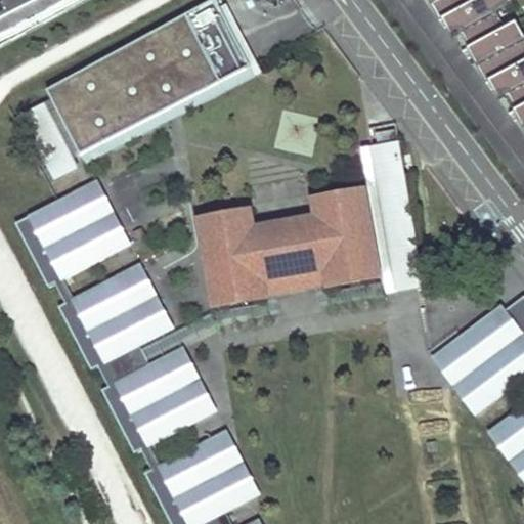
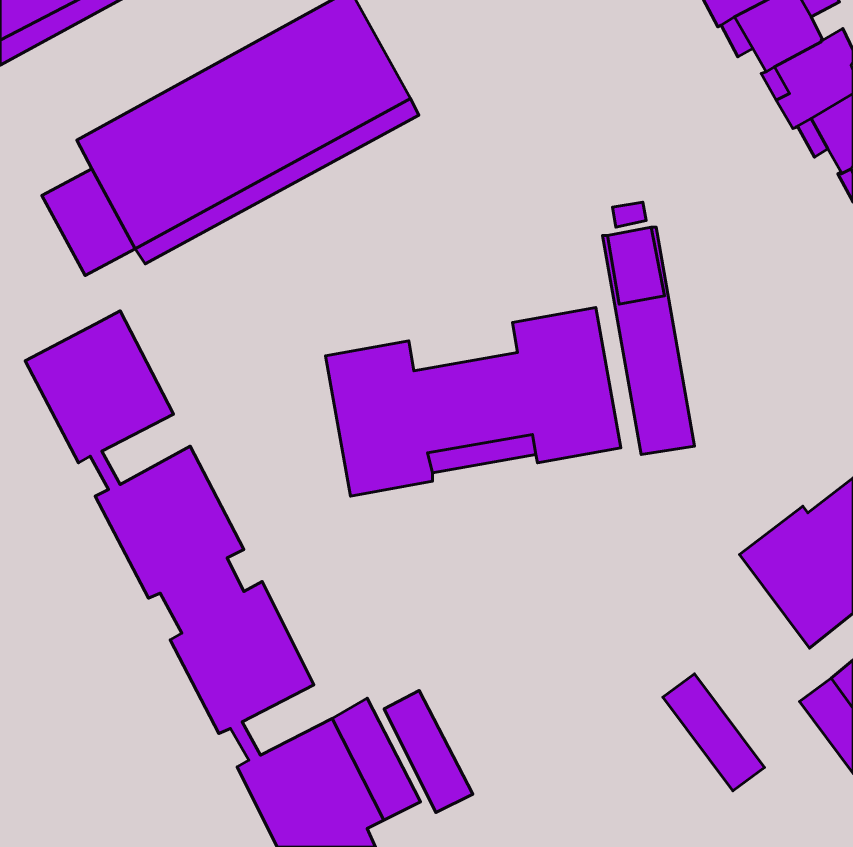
building: [74,179,129,254] -> none
building: [117,262,172,337] -> none
building: [434,340,496,411] -> [663,674,765,791]
building: [161,345,215,420] -> [384,690,473,812]

